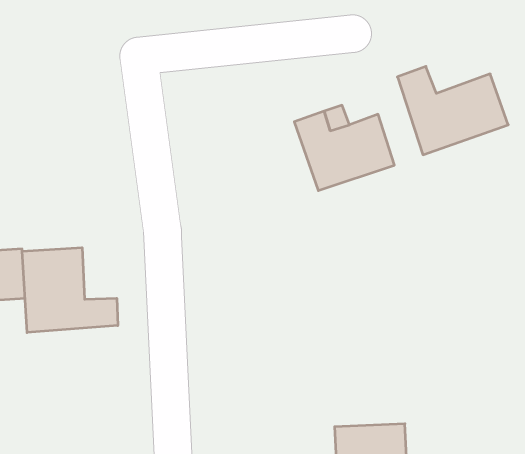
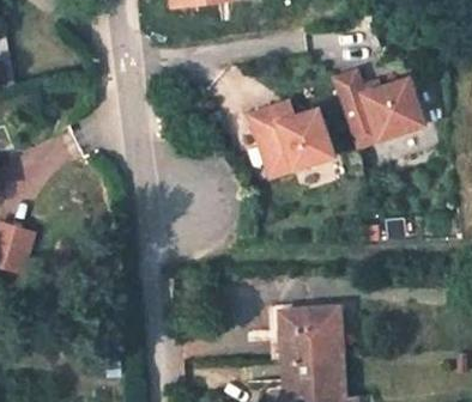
building: [22,248,118,333] -> none
building: none -> [279,310,339,363]

